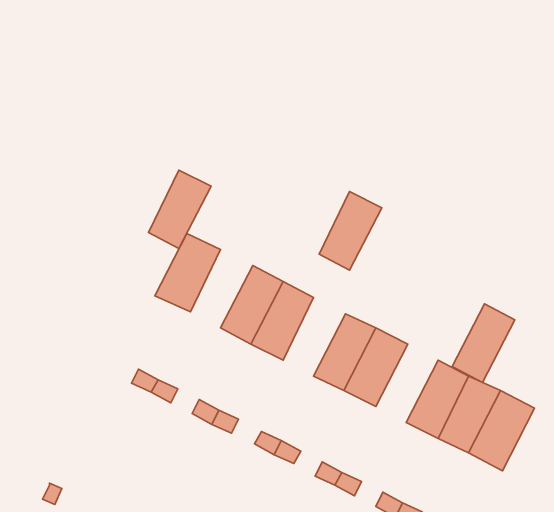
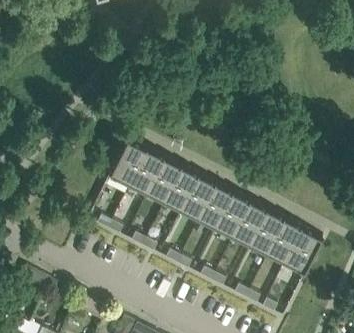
building: [149,170,211,249] -> [130,154,165,198]
building: [319,192,382,270] -> [182,181,217,225]
building: [452,304,515,382] -> [234,207,269,251]

